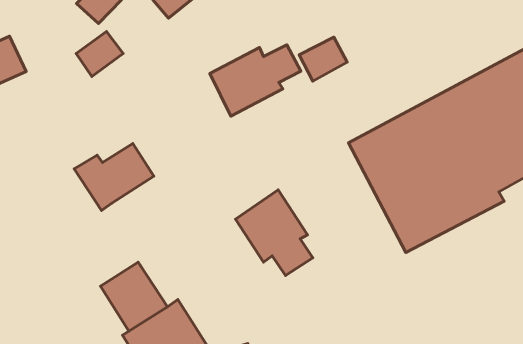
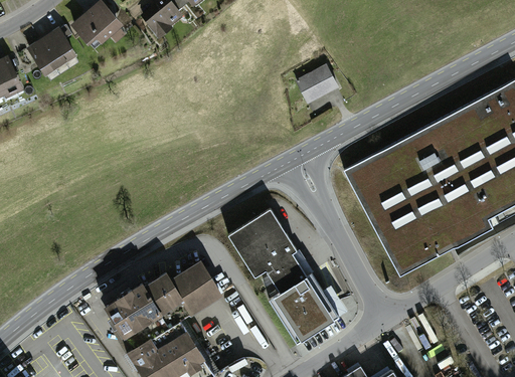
building: [76,32,123,77] -> [32,34,77,77]
building: [210,45,301,116] -> none
building: [74,144,154,211] -> [141,260,217,325]
building: none -> [272,274,337,341]

